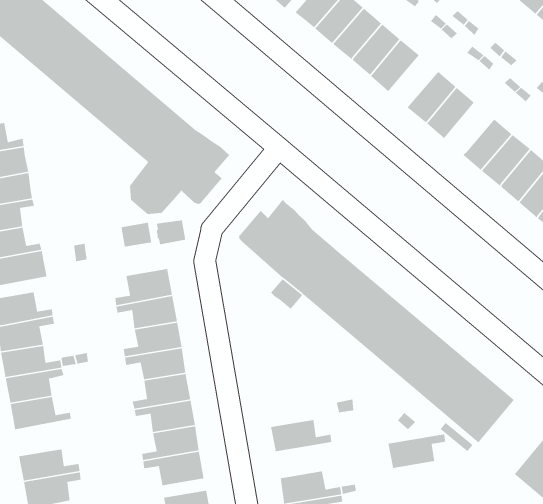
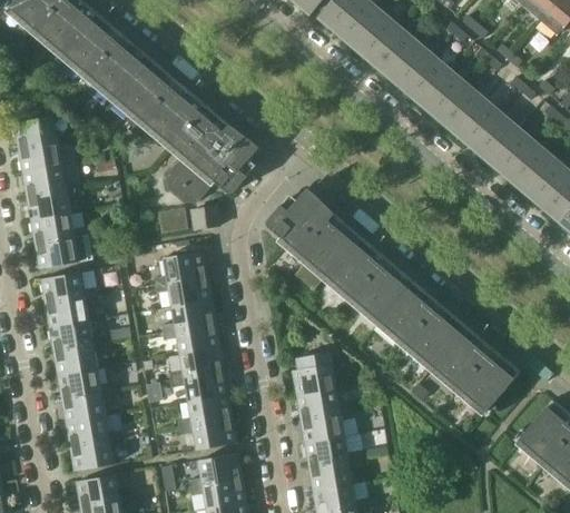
building: none -> [404,57,450,105]
building: none -> [455,100,501,148]
building: none -> [292,353,336,396]
building: none -> [62,389,116,423]
building: [388,433,446,469] -> [301,411,354,443]

